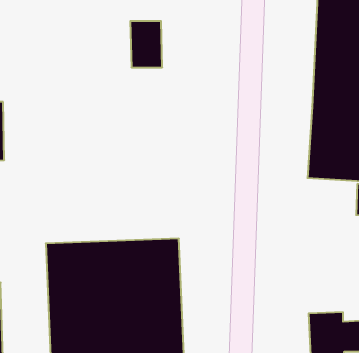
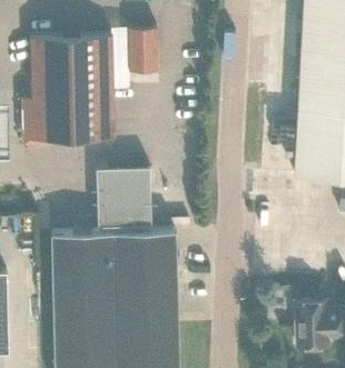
building: none -> [23,37,114,146]
building: none -> [97,169,151,228]

